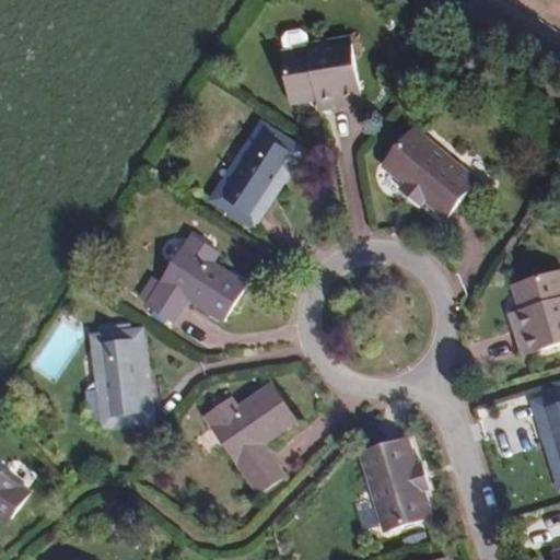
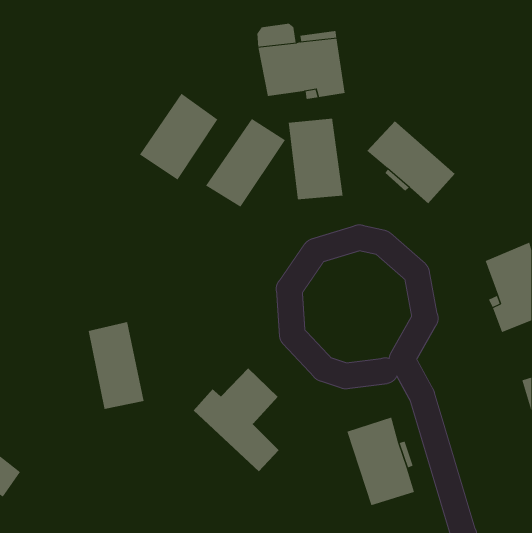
building: none -> [139,93,218,181]
building: none -> [288,118,343,200]
building: [147,230,244,315] -> none

